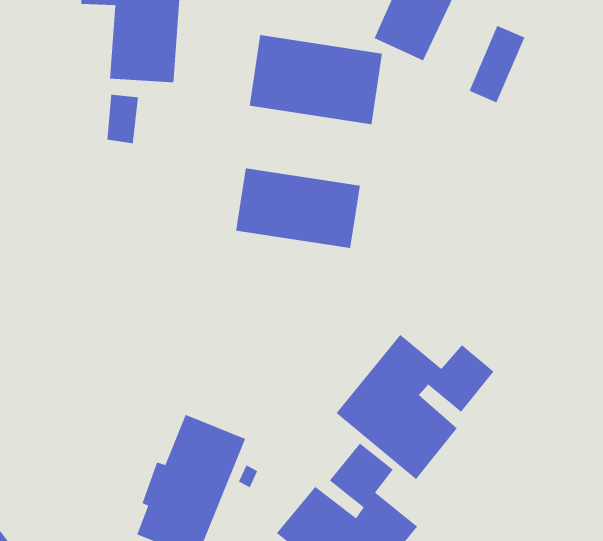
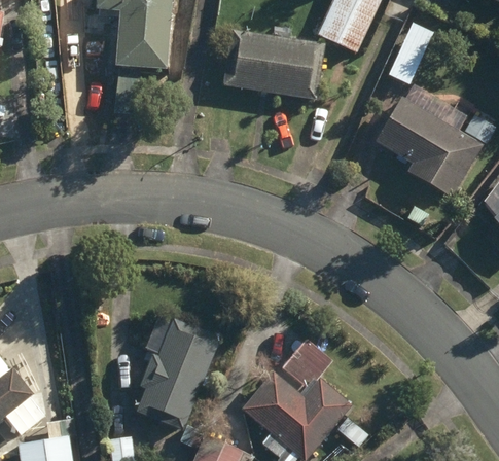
building: none -> [377,99,483,198]
building: [235,167,361,249] -> none
building: [335,334,495,480] -> none

